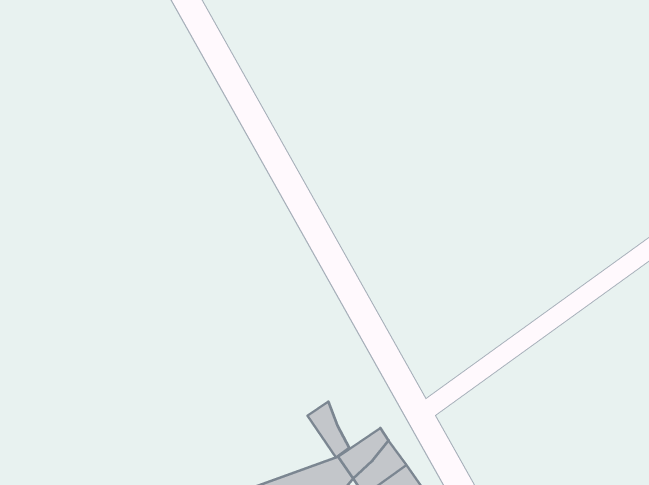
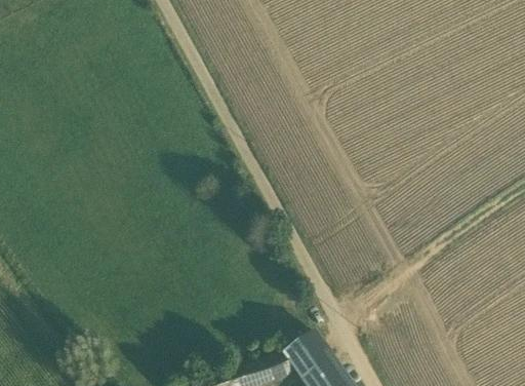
building: [308,402,349,457] -> none

